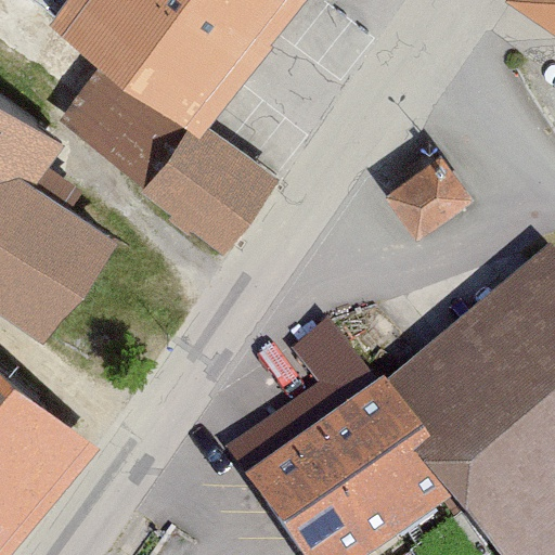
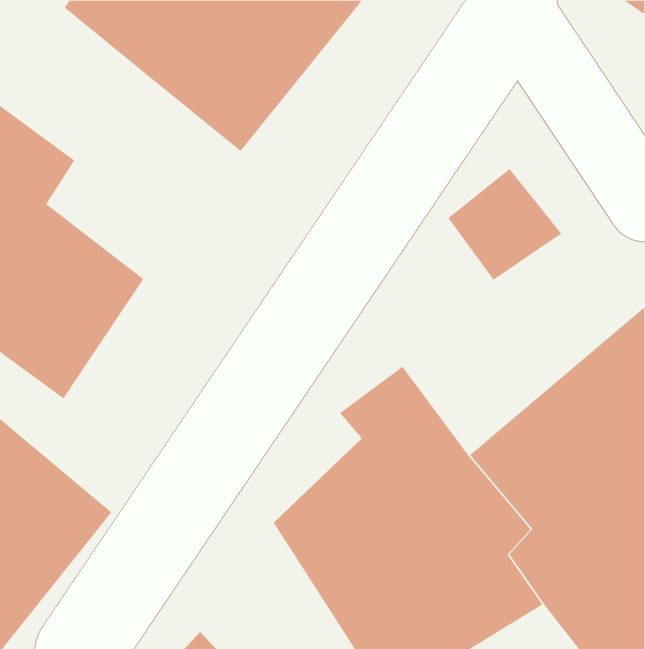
building: [53,52,273,251] -> none

